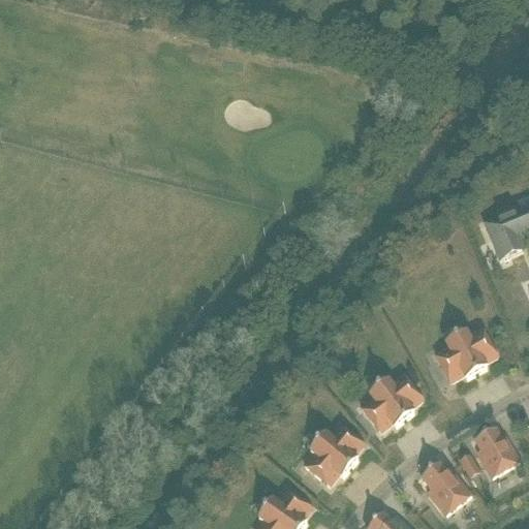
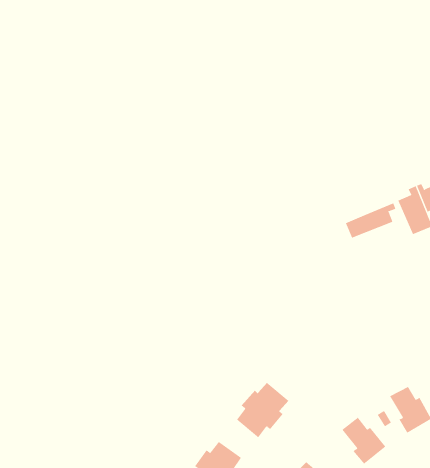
building: none -> [345,203,396,239]
building: [434,328,496,382] -> none
building: [360,373,422,432] -> none

